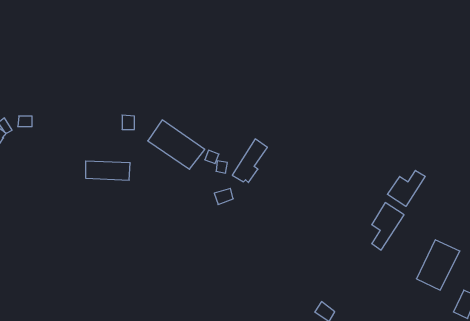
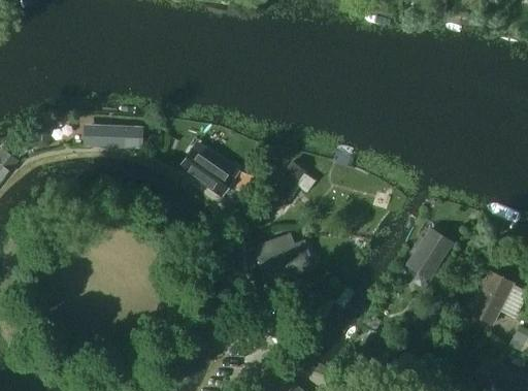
building: [86,161,130,180] -> [91,127,139,148]
building: [387,170,425,206] -> none
building: none -> [257,233,312,284]

